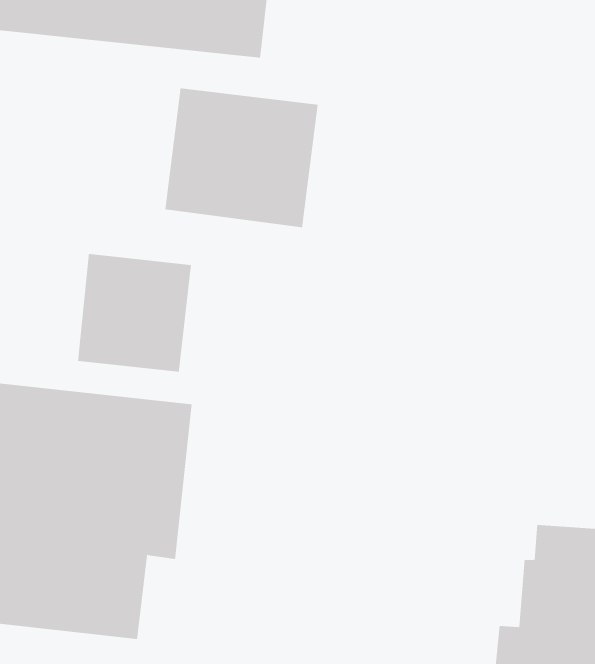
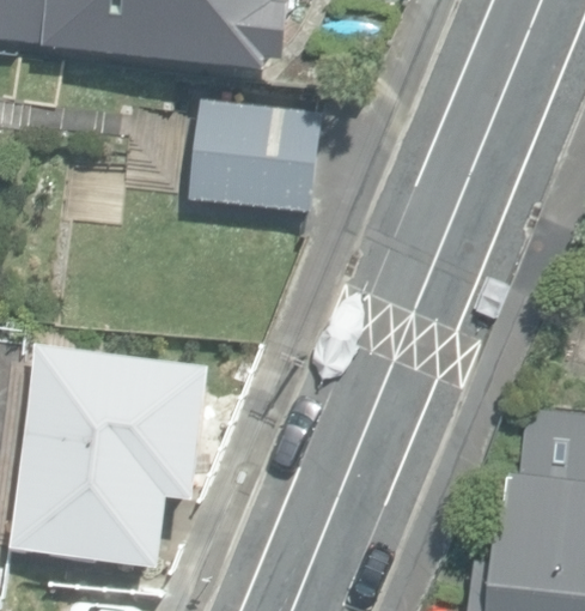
building: [77,253,191,373] -> none

